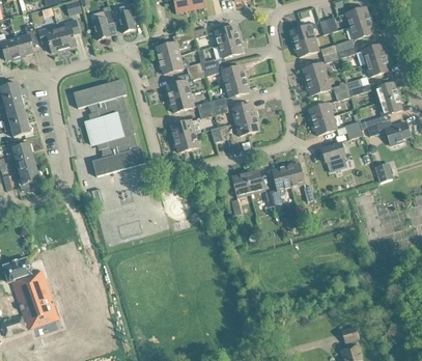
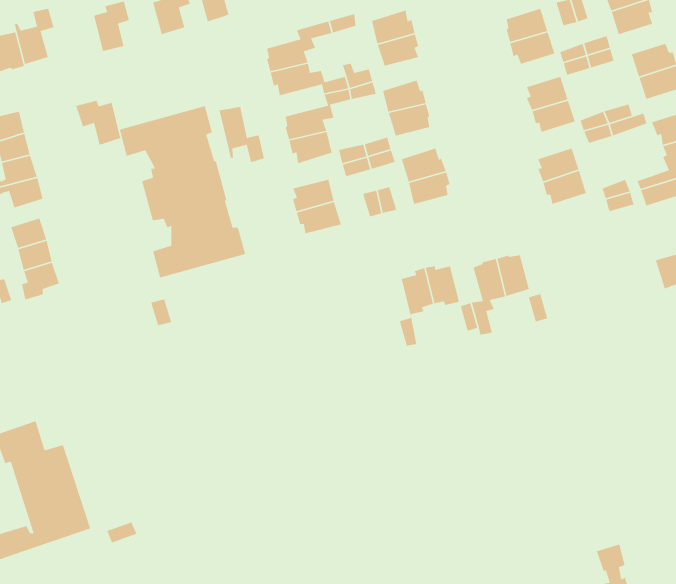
building: [37,27,63,53] -> [75,100,121,146]
building: none -> [218,106,265,163]
building: [320,142,345,171] -> none

